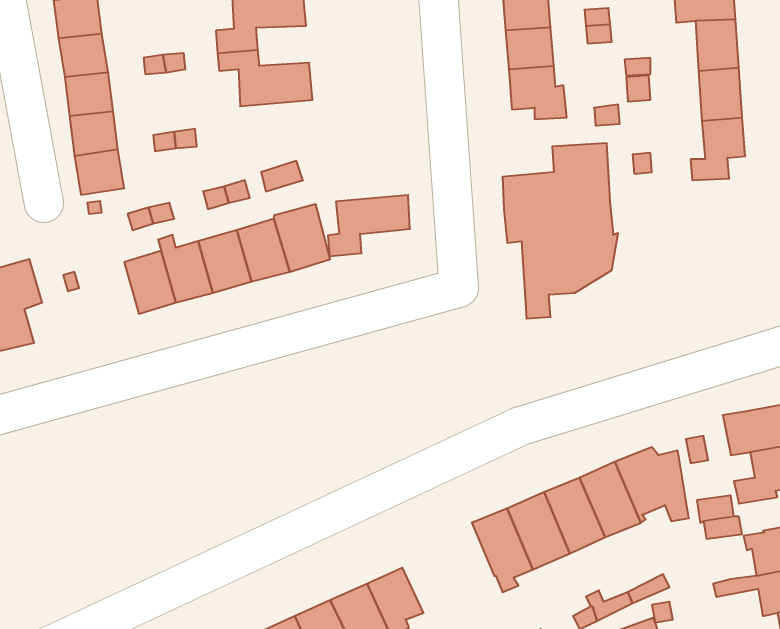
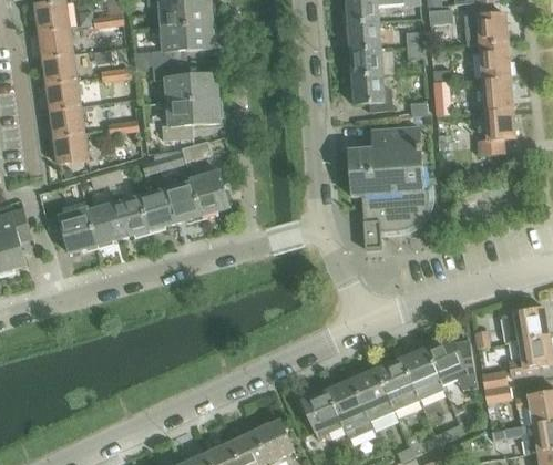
building: [328,195,410,256] -> [162,99,218,141]
building: none -> [58,200,98,254]
building: none -> [301,390,342,436]

